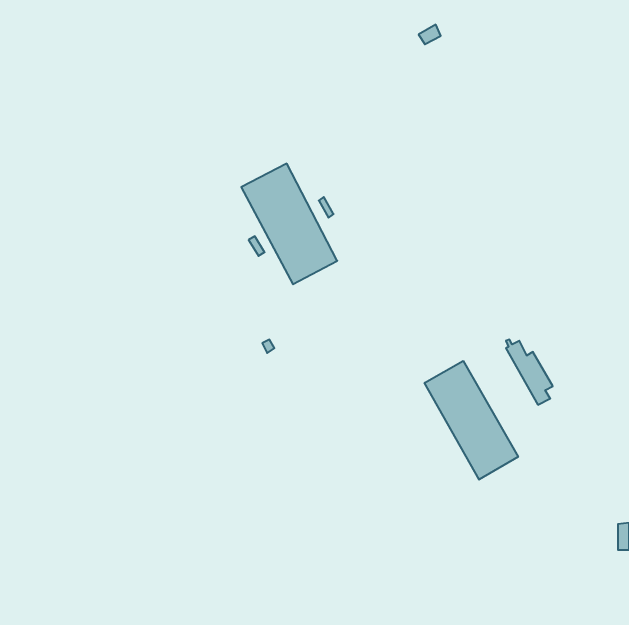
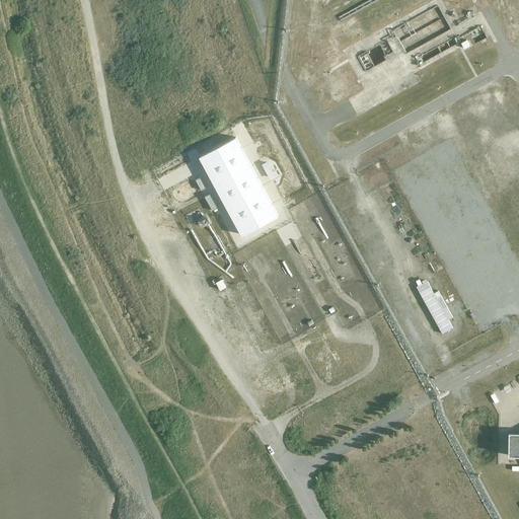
building: [425,361,518,480] -> none

